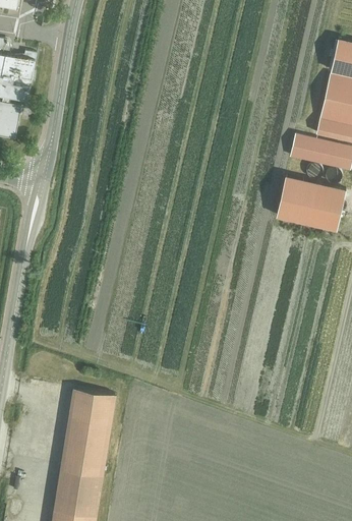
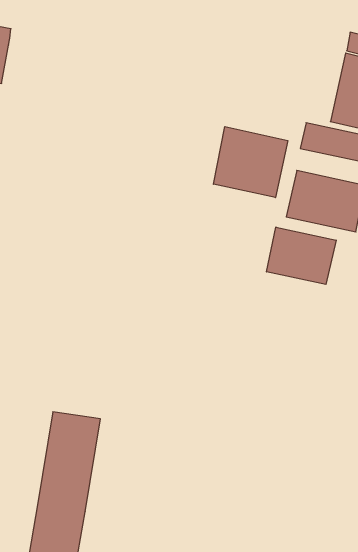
building: none -> [213,127,288,198]
building: none -> [267,227,336,284]

